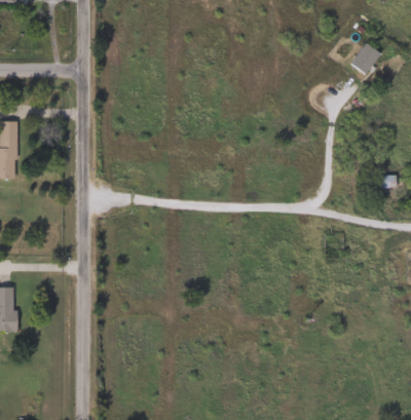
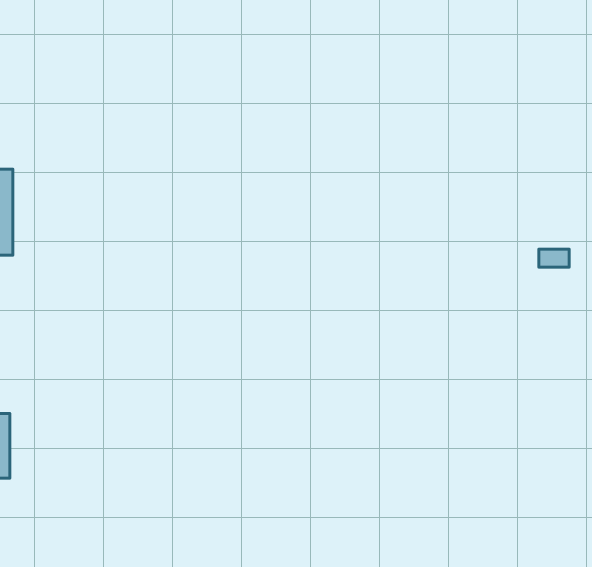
building: [348,42,379,75] -> none

